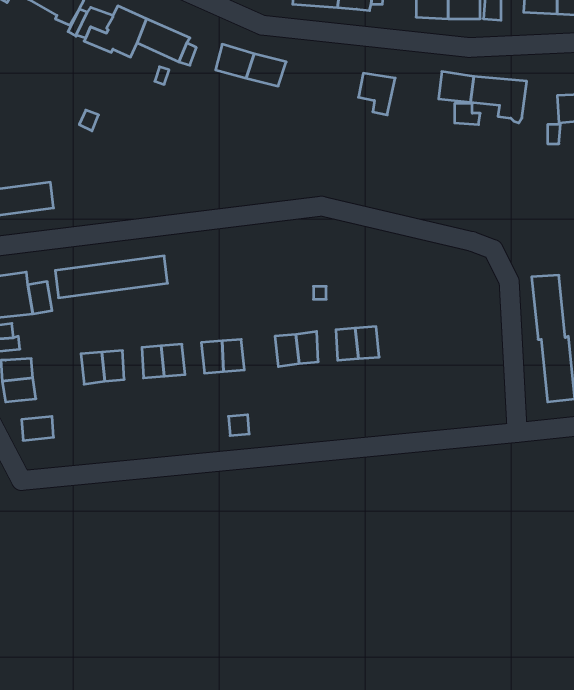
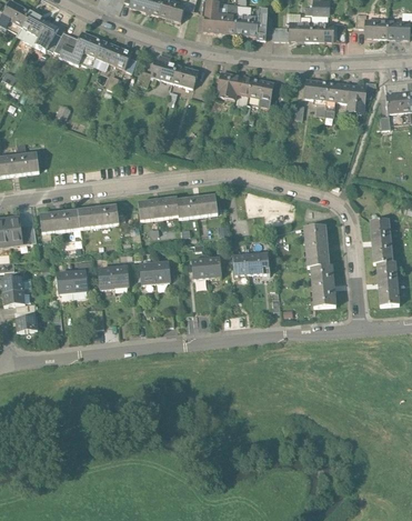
building: none -> [217,73,252,99]
building: none -> [138,193,215,220]
building: none -> [302,224,335,307]

